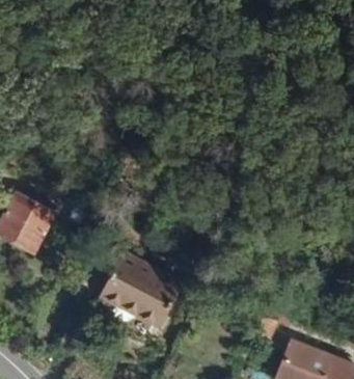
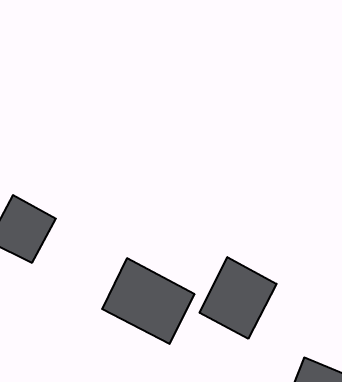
building: none -> [200,257,277,339]

